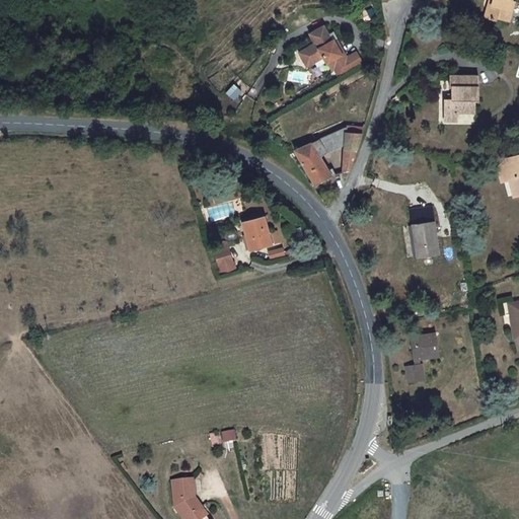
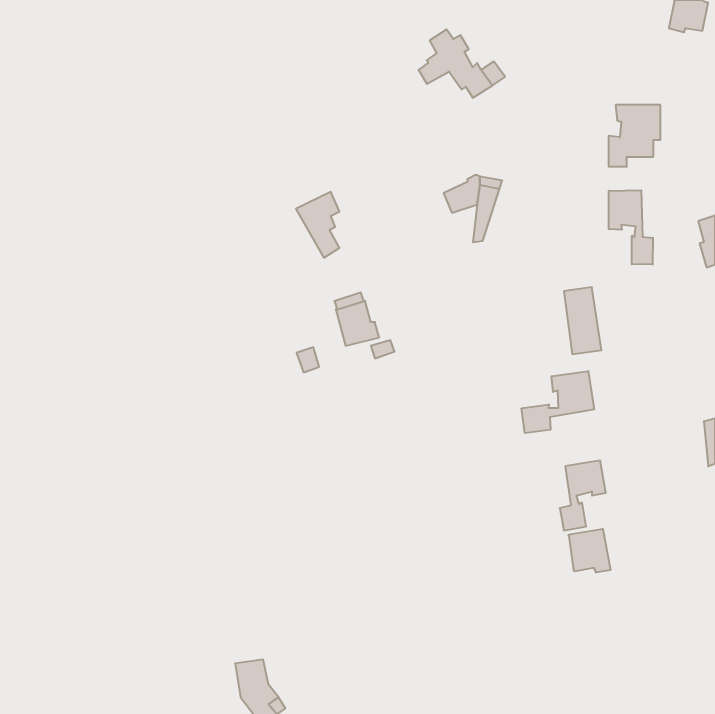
building: none -> [609,190,653,265]
building: [296,141,327,189] -> [296,192,339,258]
building: none -> [522,371,594,433]
building: none -> [569,529,611,573]

